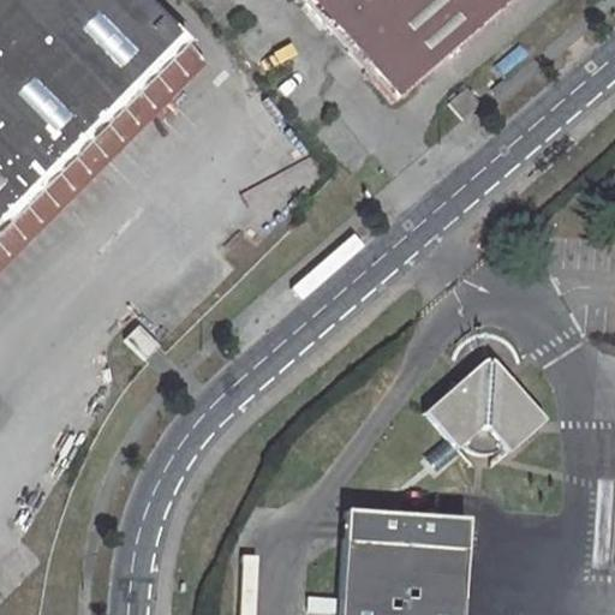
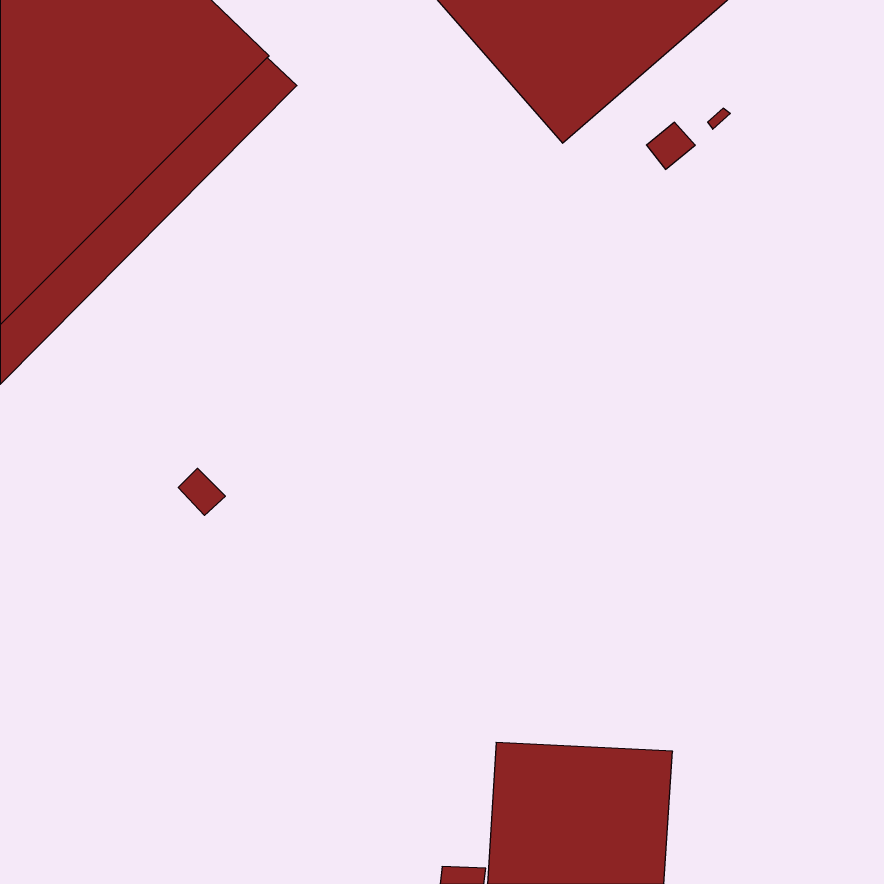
building: [426,354,545,450] -> none

